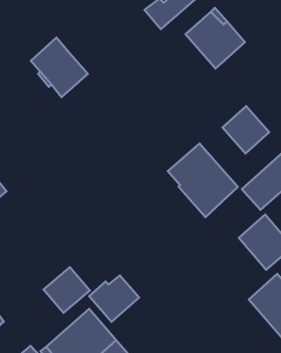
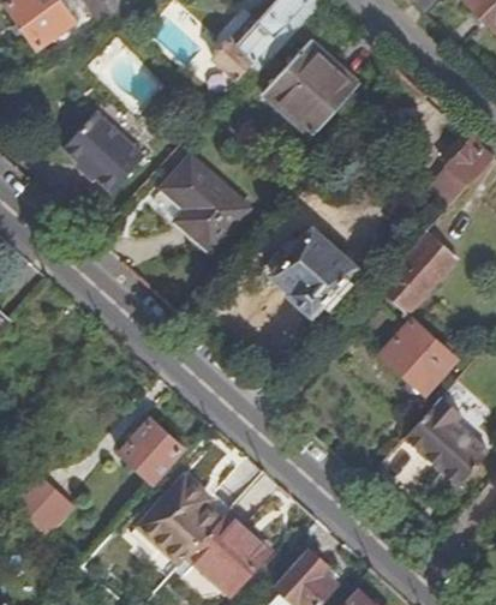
building: none -> [156,154,250,248]
building: [222,106,269,154] -> none
building: [89,275,139,322] -> none

